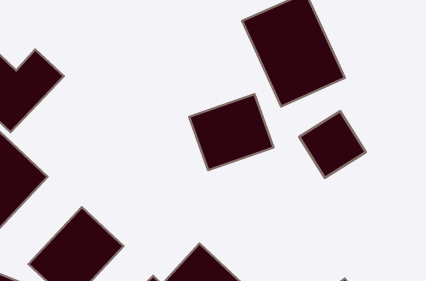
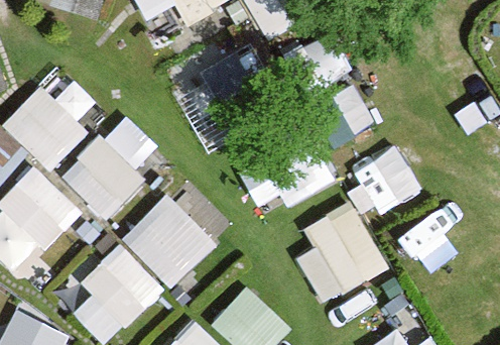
building: none -> [55,134,142,220]
building: none -> [120,192,219,290]
building: none -> [291,201,387,302]

